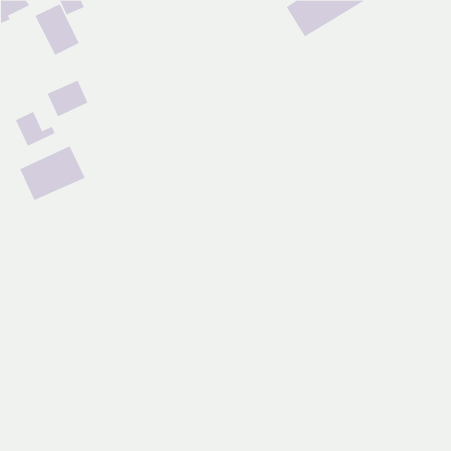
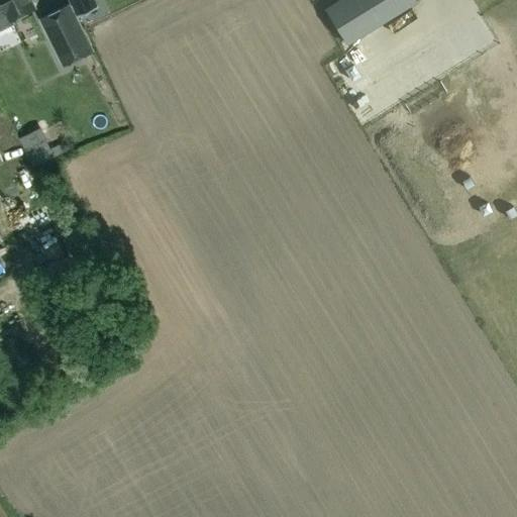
building: [47,80,88,117] -> none
building: [20,145,85,201] -> none

